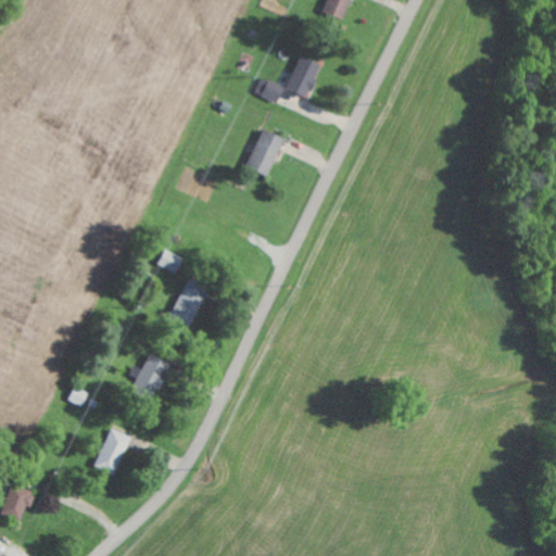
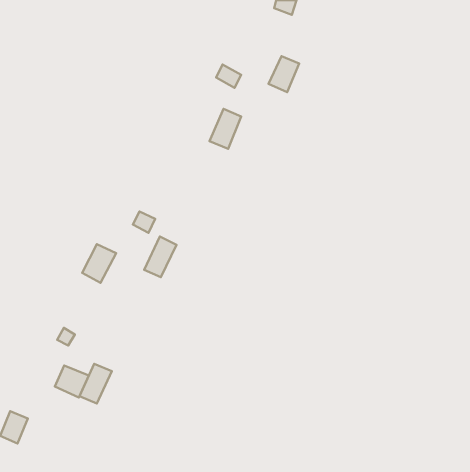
building: [285,55,320,98] -> [269,56,299,92]
building: [131,354,172,400] -> [82,244,116,283]
building: none -> [55,365,89,397]

